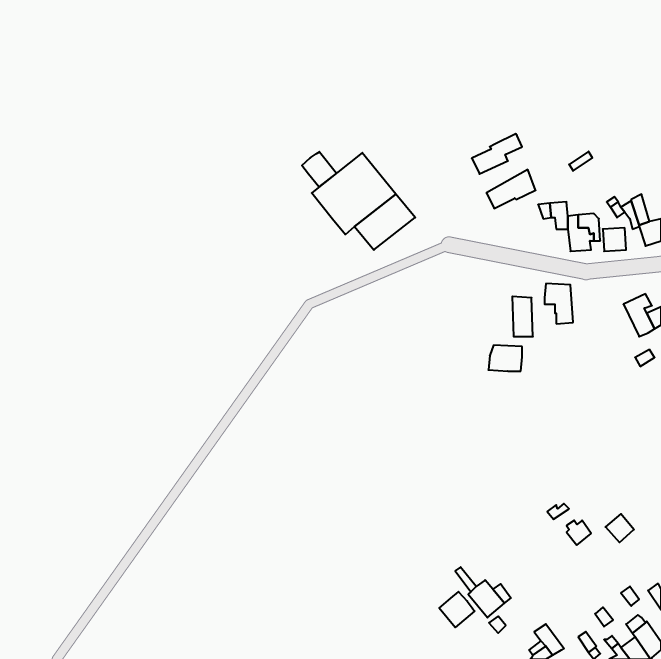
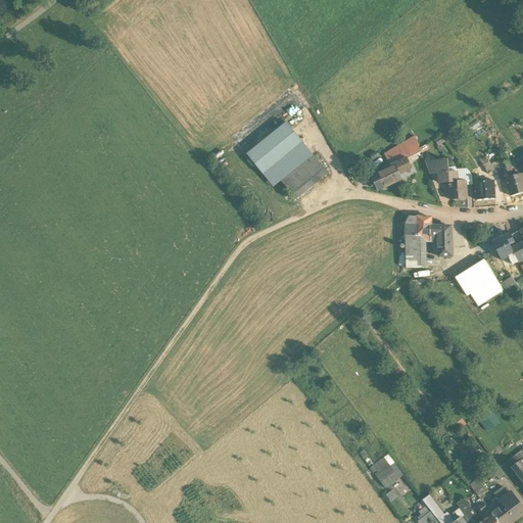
building: [472,134,522,174] -> [372,156,412,188]
building: [302,152,336,187] -> none
building: none -> [456,258,502,304]
building: [488,345,522,371] -> [405,215,431,235]
building: [439,592,475,627] -> none

